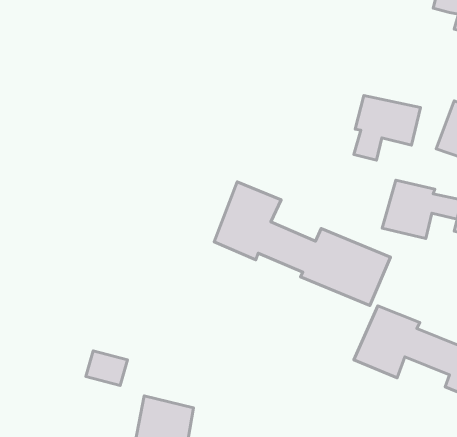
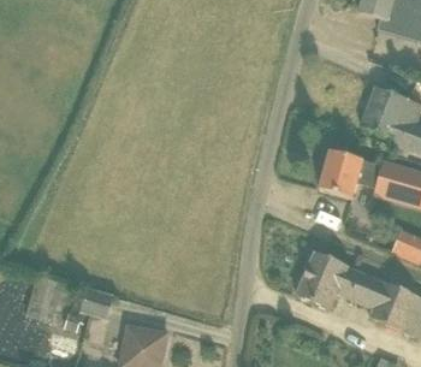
building: [354,95,421,160] -> none
building: [214,182,391,306] -> none

